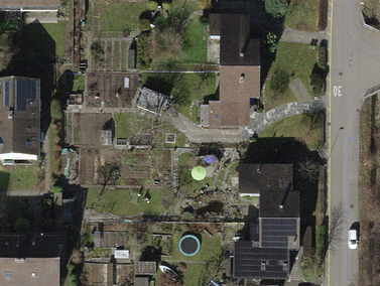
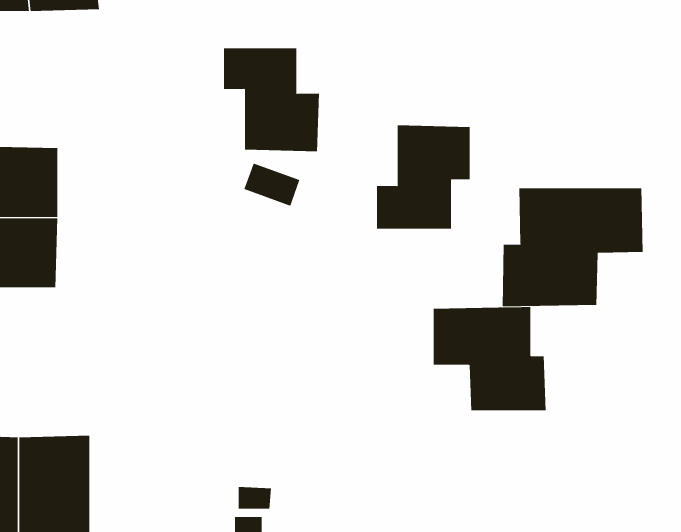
building: [208,13,259,68] -> [223,48,320,152]
building: none -> [502,188,643,307]
building: [231,220,298,278] -> none

